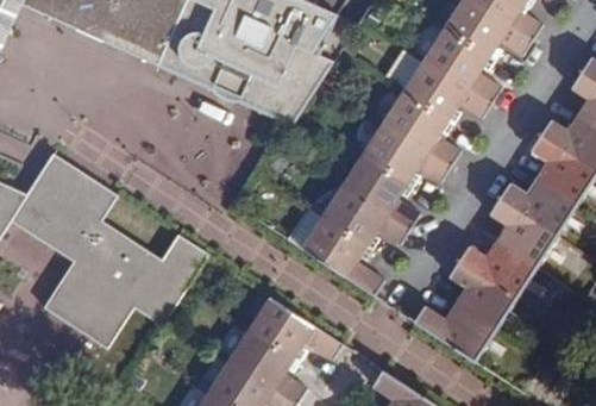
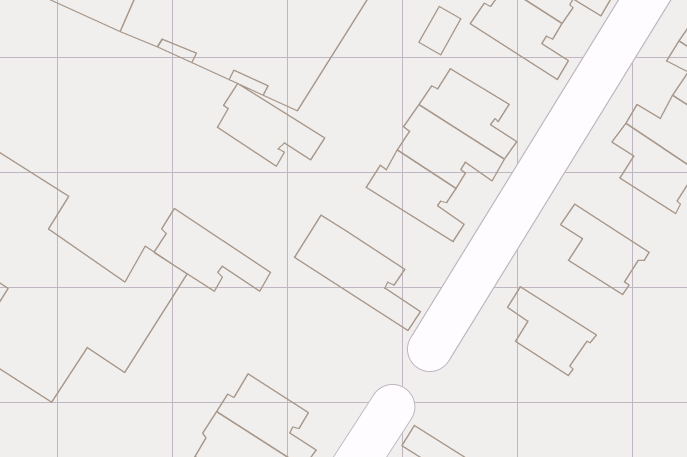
building: [406,60,488,121] -> none
building: [501,177,578,235] -> none
building: [326,185,408,248] -> [217,84,325,166]
building: [459,241,538,298] -> none
building: [251,294,340,357] -> [154,209,271,291]
building: [414,302,496,352] -> none

